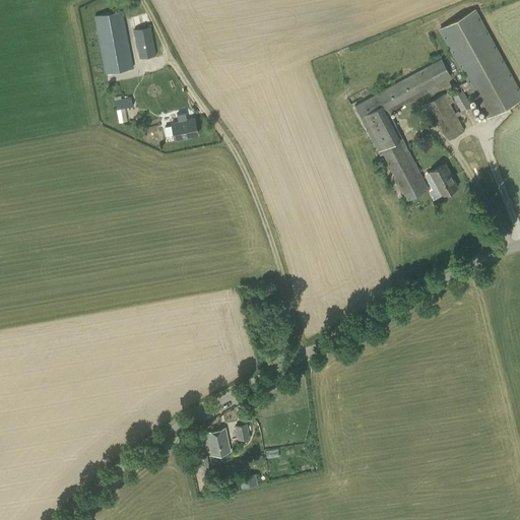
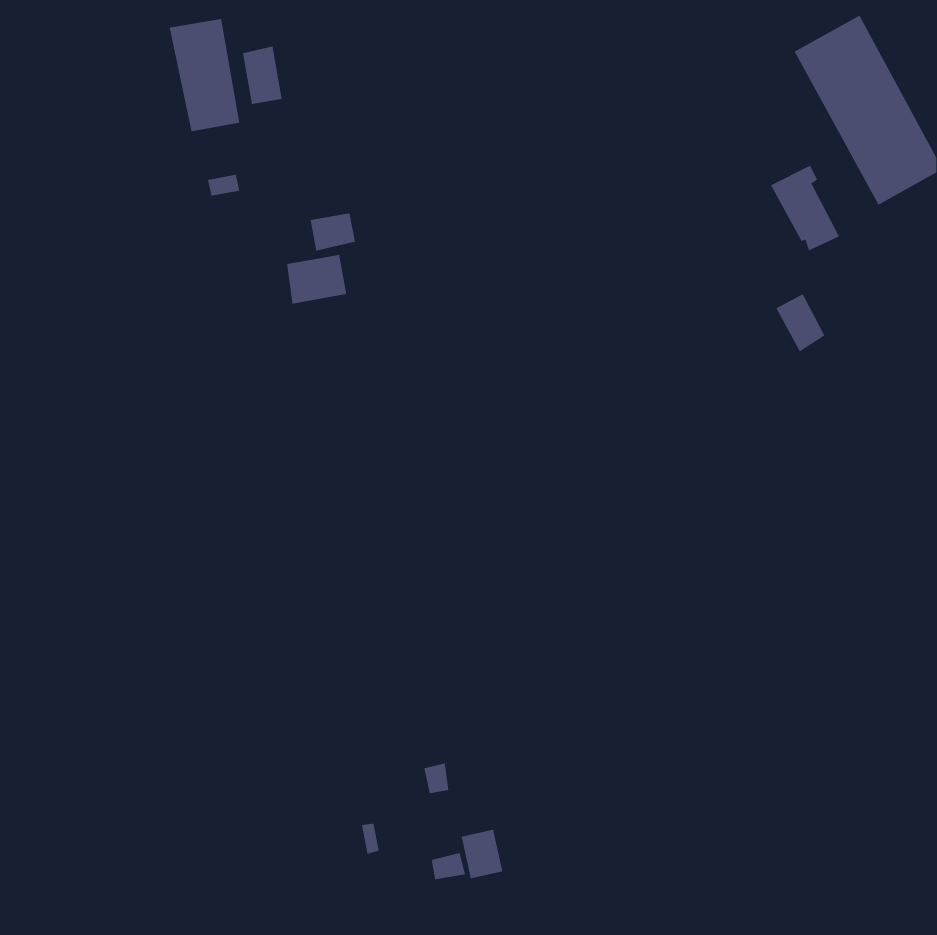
building: [354,60,451,201] -> none
building: none -> [287,254,347,305]
building: [206,429,230,456] -> [461,829,503,879]

